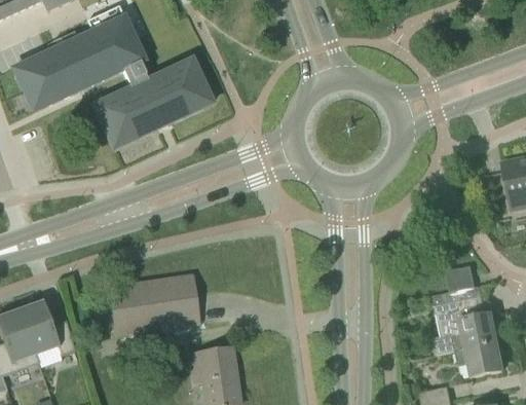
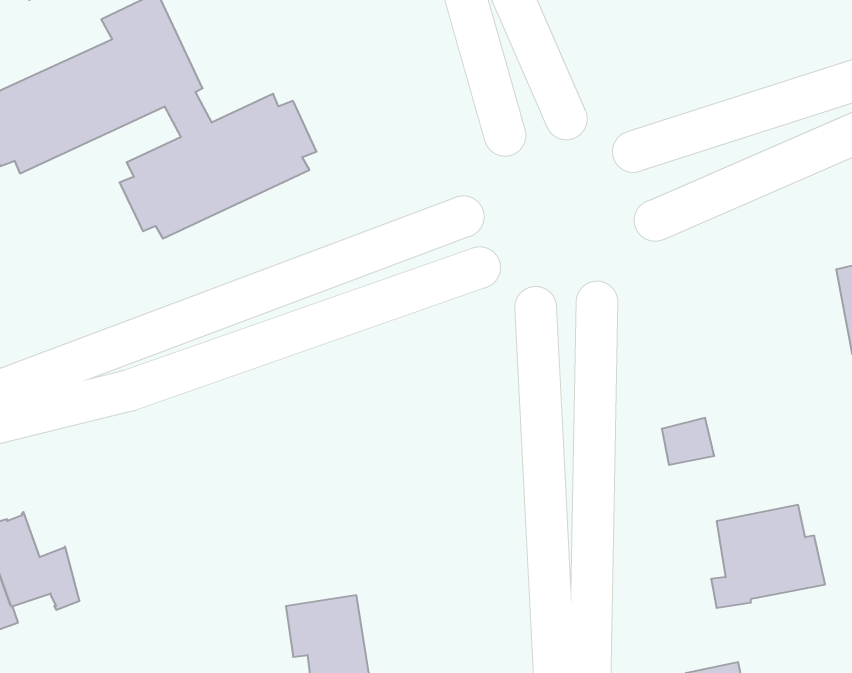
building: [446,264,476,291] -> [662,418,714,465]
building: [91,274,199,334] -> none
building: [455,340,503,375] -> none

